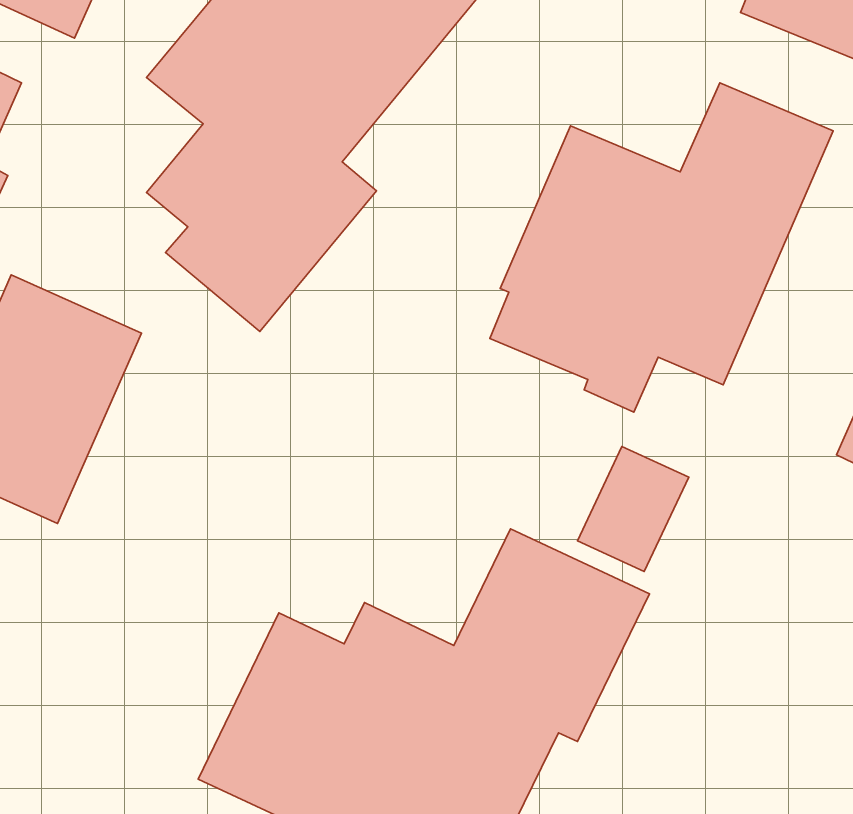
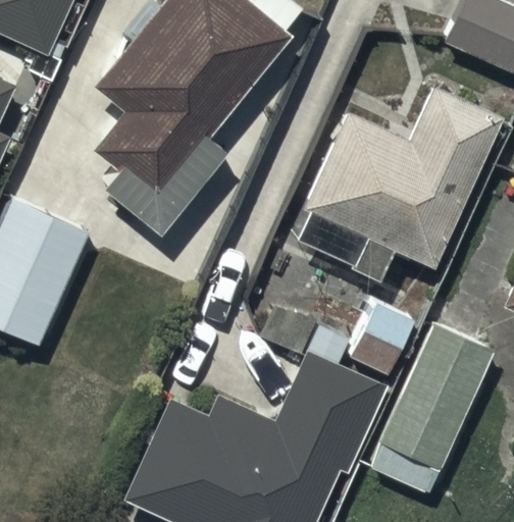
building: none -> [379,325,492,471]

